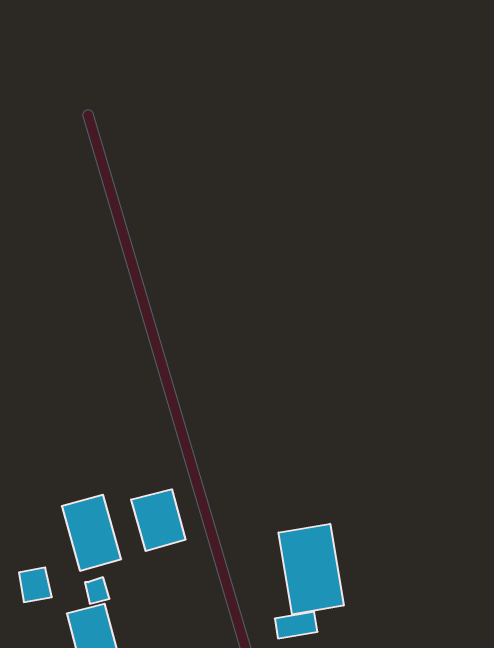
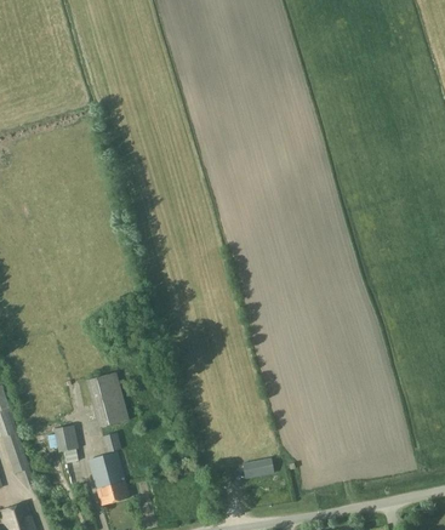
building: [131,489,186,551] -> none
building: [279,524,344,614] -> none

